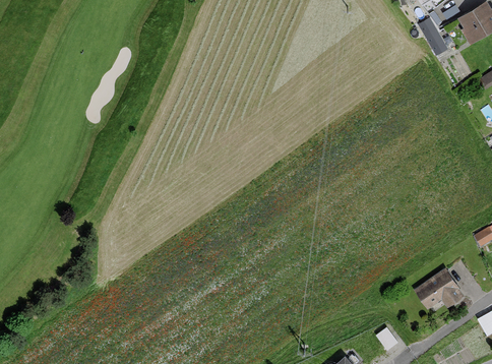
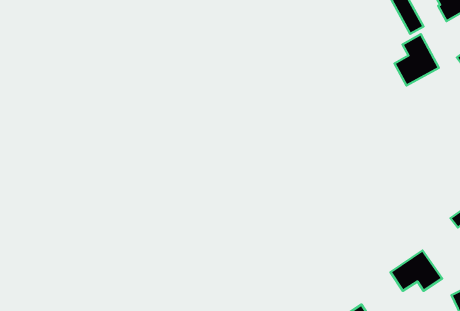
building: none -> [394,34,439,85]

